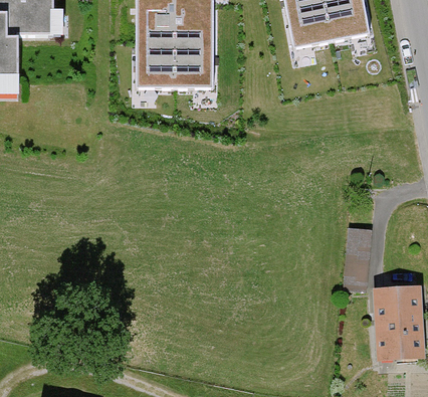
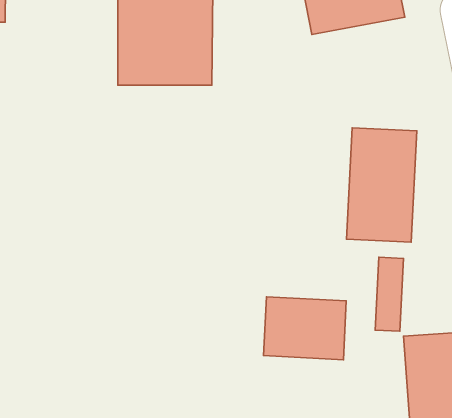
building: none -> [346,128,417,242]
building: none -> [264,297,346,360]

